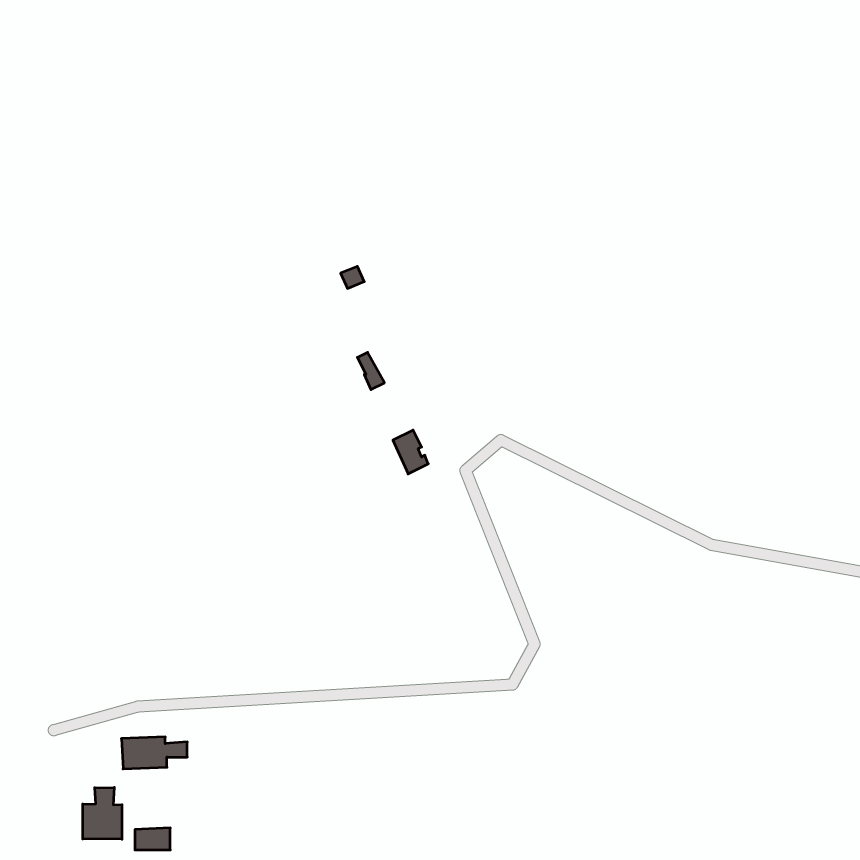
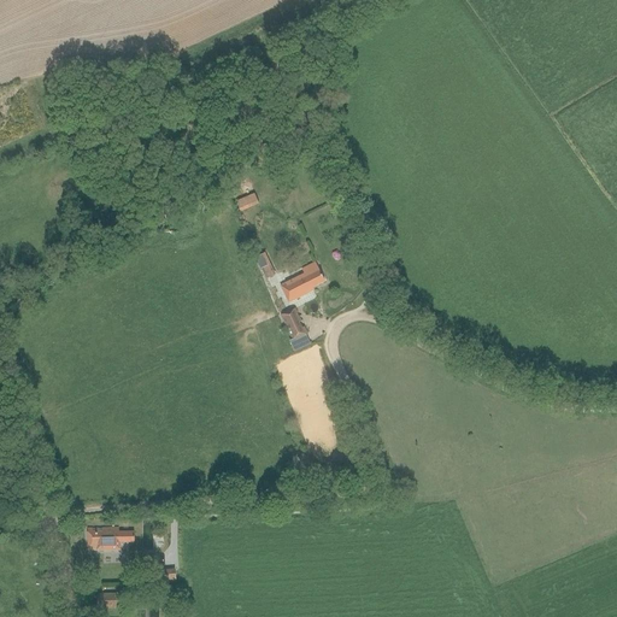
building: none -> [280,262,324,301]
building: [83,787,122,839] -> none

